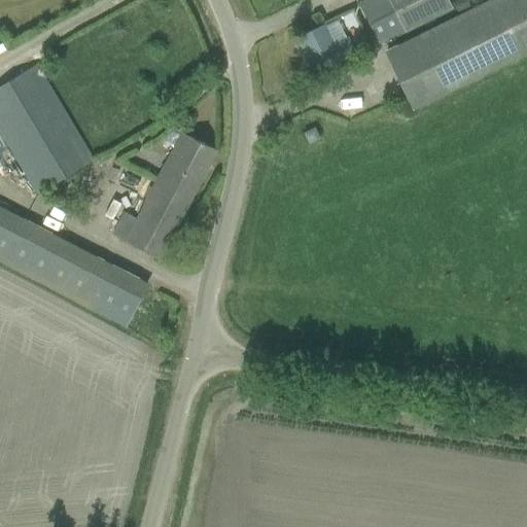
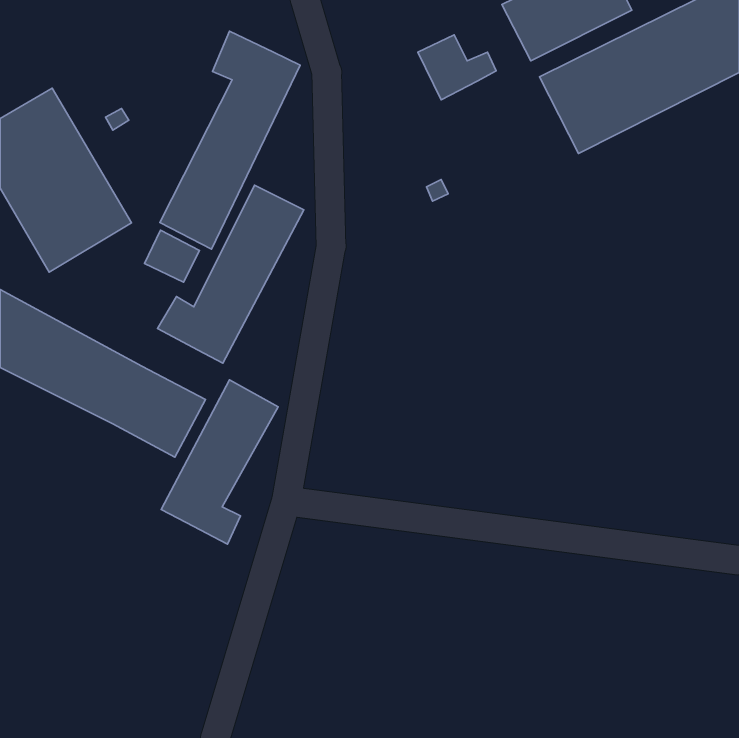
building: none -> [160,31,300,249]
building: none -> [161,380,278,544]

